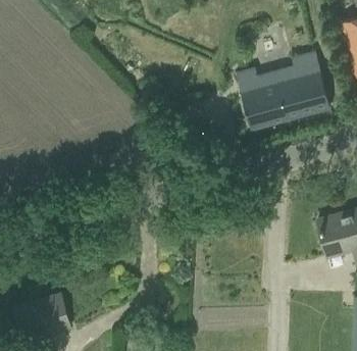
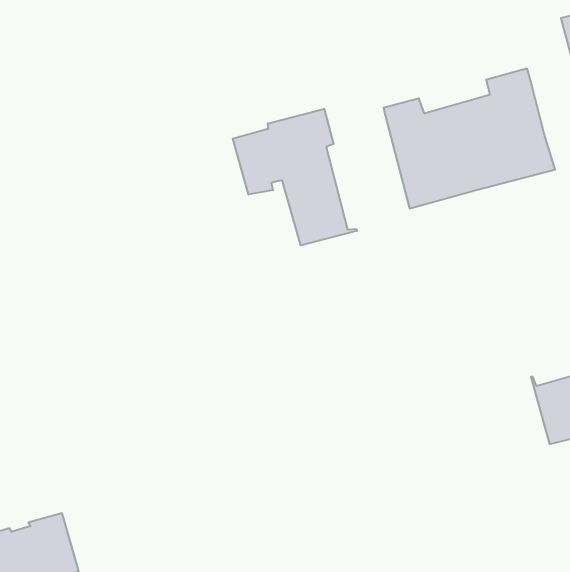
building: none -> [233,109,357,245]

